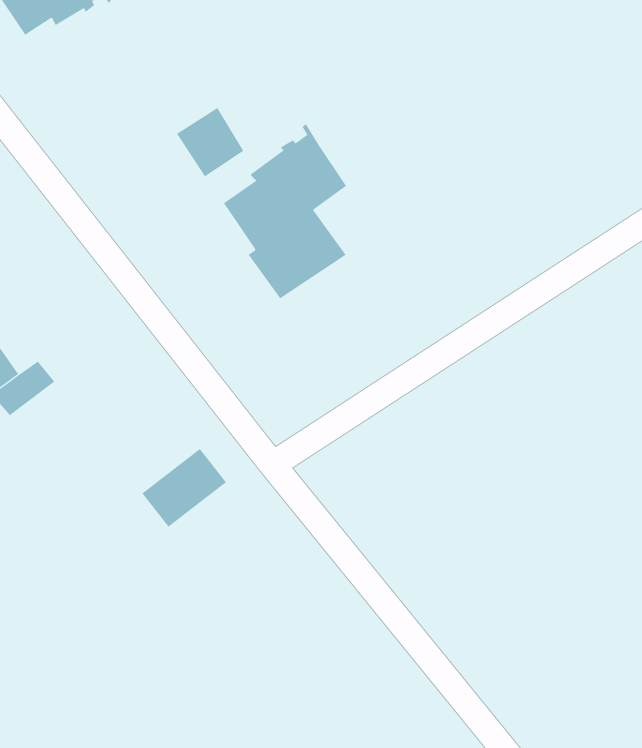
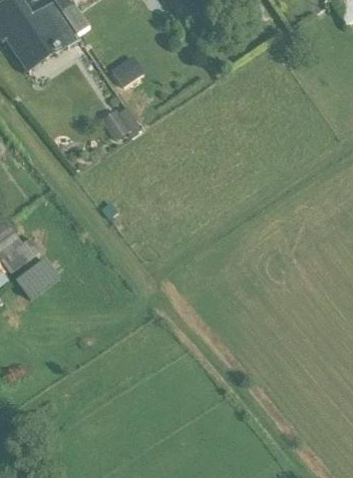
building: [223,123,347,299] -> none
building: [142,448,227,528] -> [15,255,60,297]

